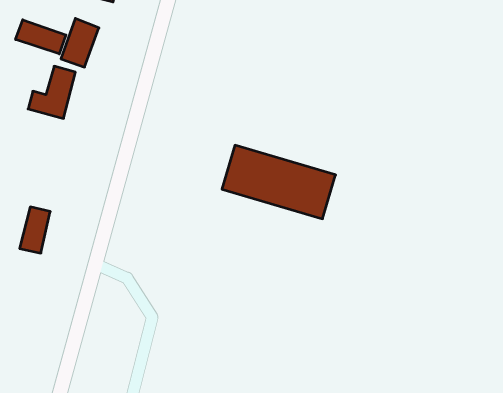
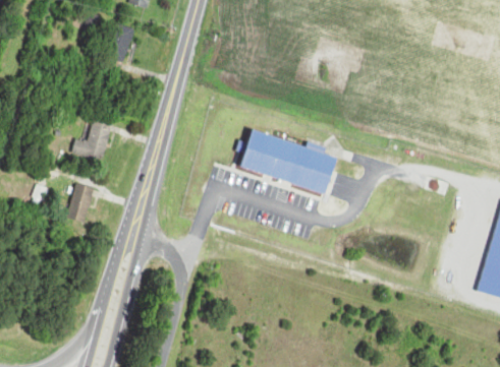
building: [16,20,66,54] -> none
building: [28,66,75,118] -> [71,117,112,162]

